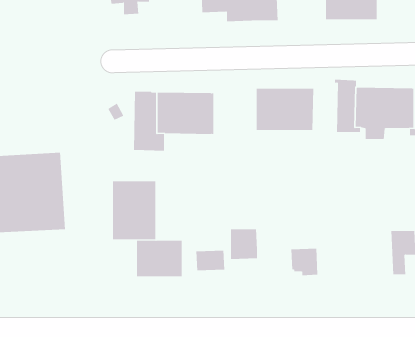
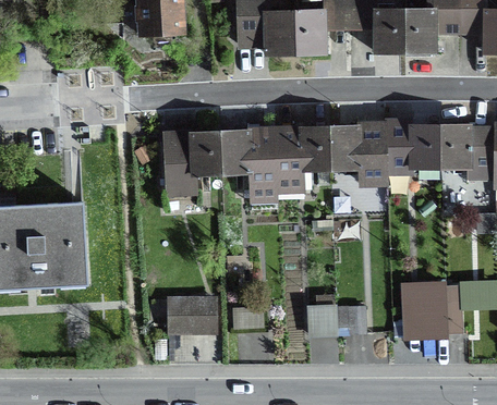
building: none -> [357,121,388,188]
building: none -> [247,126,305,204]
building: [113,181,156,240] -> none
building: none -> [400,282,448,342]
building: [230,229,258,260] -> [306,305,337,339]

